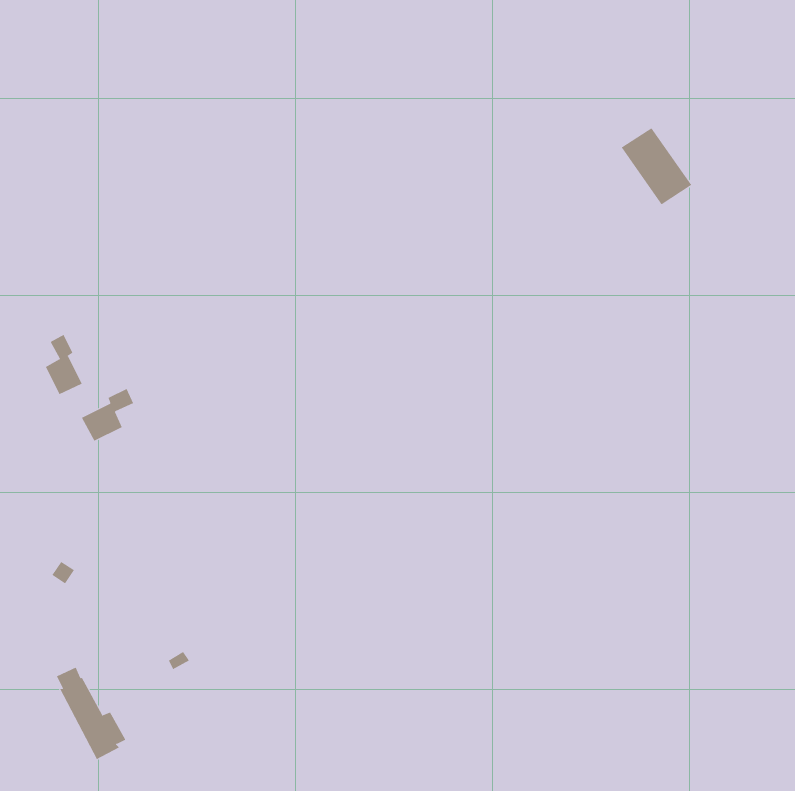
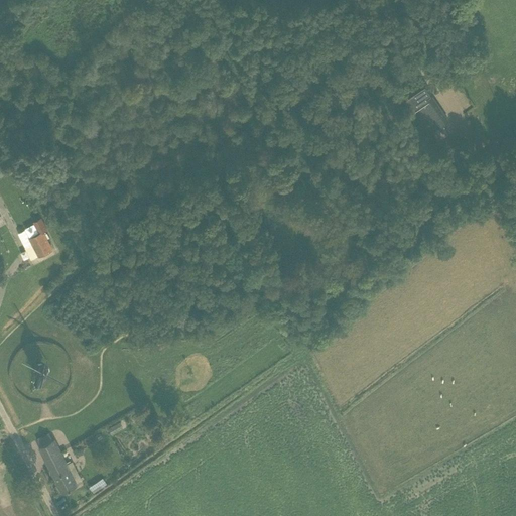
building: [81,388,134,442] -> none

